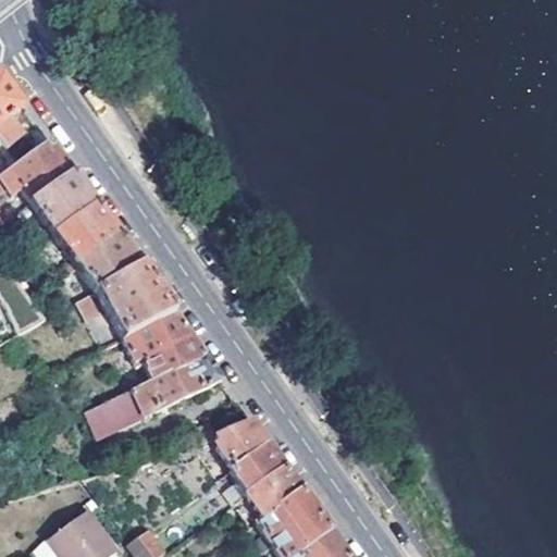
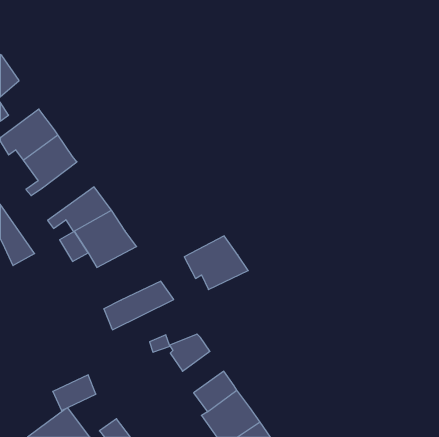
building: [57,203,122,277] -> none
building: [125,310,206,377] -> [184,236,248,290]
building: [89,388,144,433] -> [53,375,96,410]
building: [231,442,285,493] -> none

